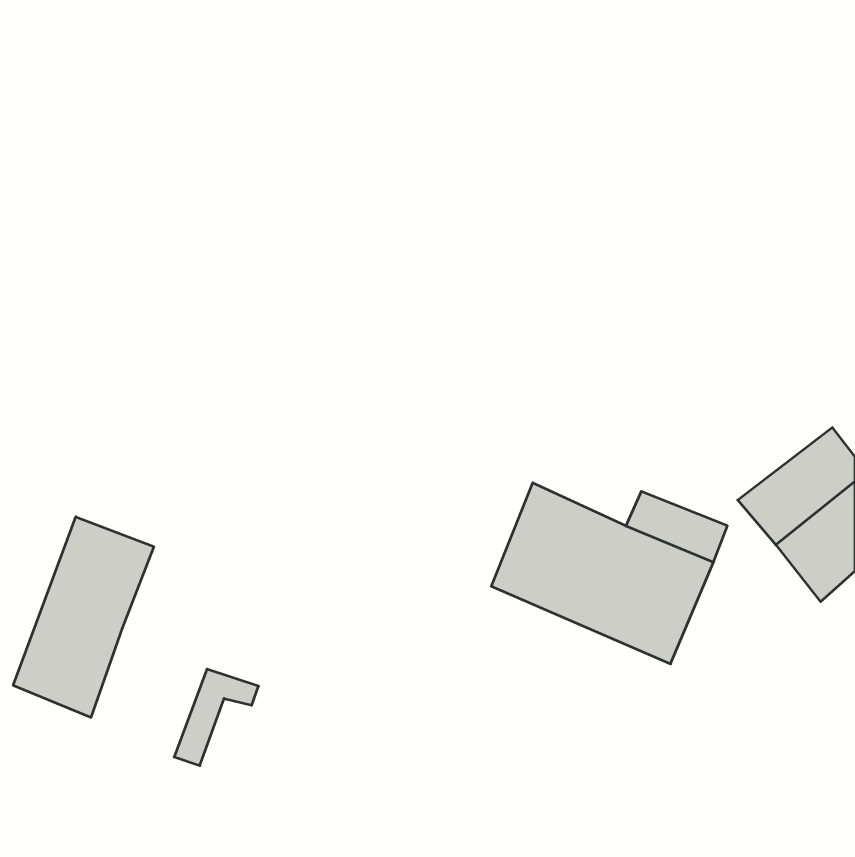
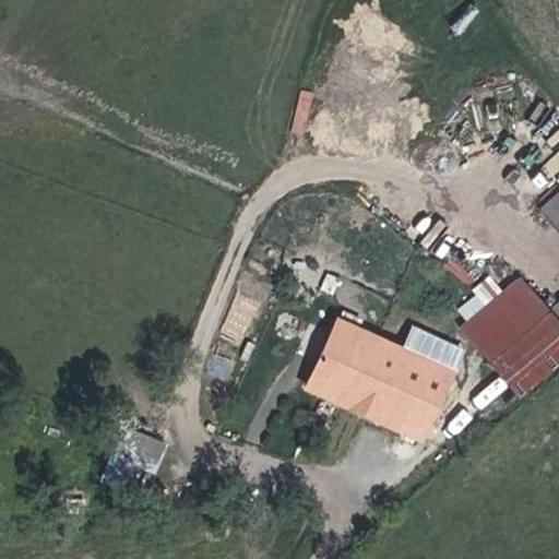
building: [13,517,154,717] -> none

